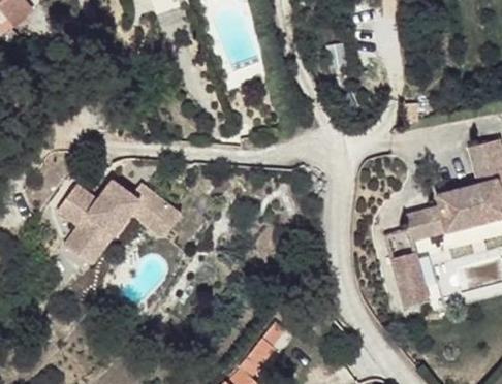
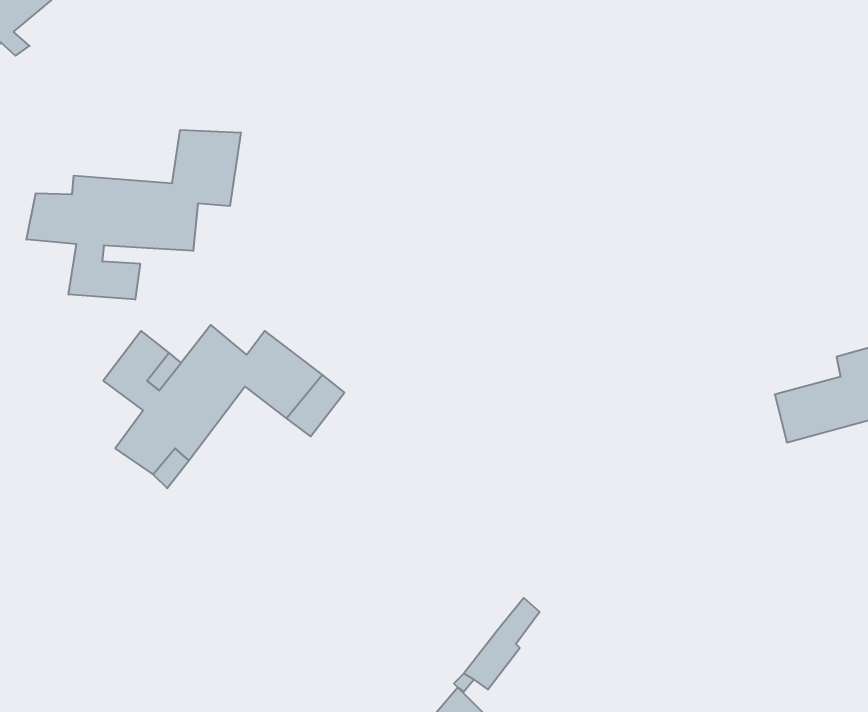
building: none -> [26,130,241,300]
building: [391,253,429,308] -> none

